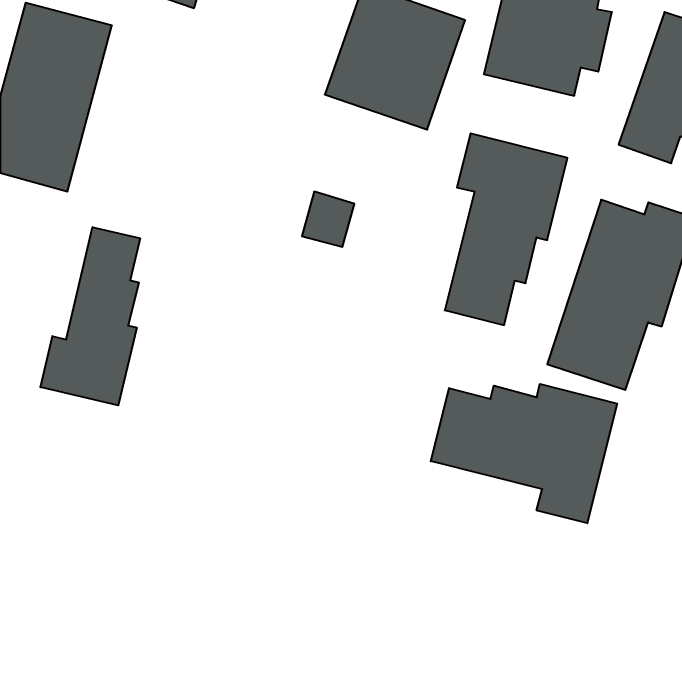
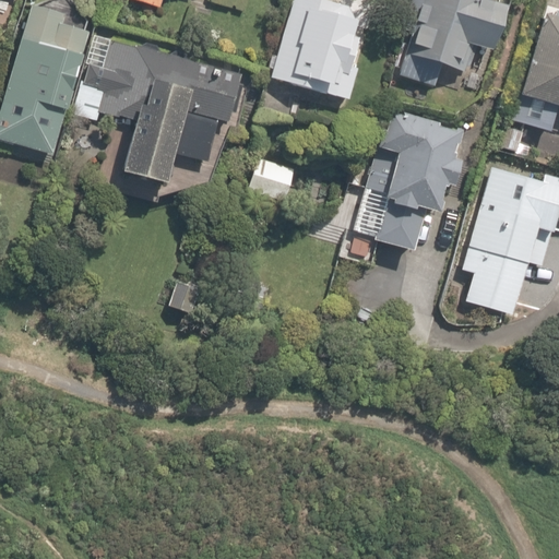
building: none -> [80,33,248,191]
building: [40,227,140,405] -> none
building: [431,384,617,523] -> none

